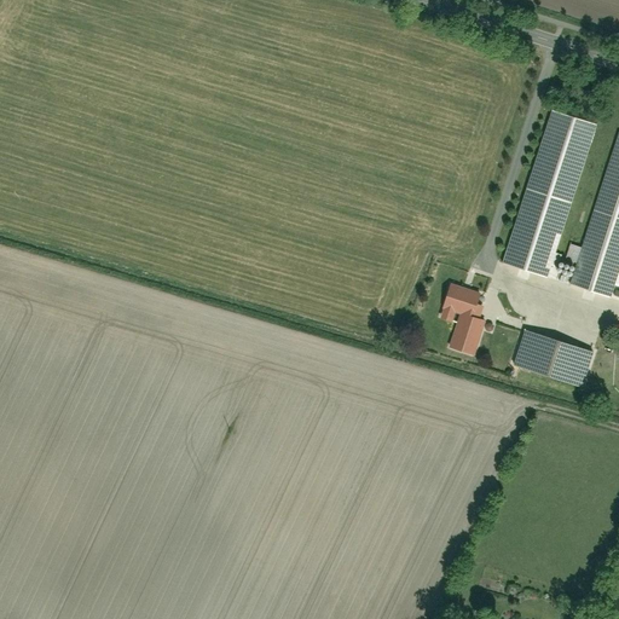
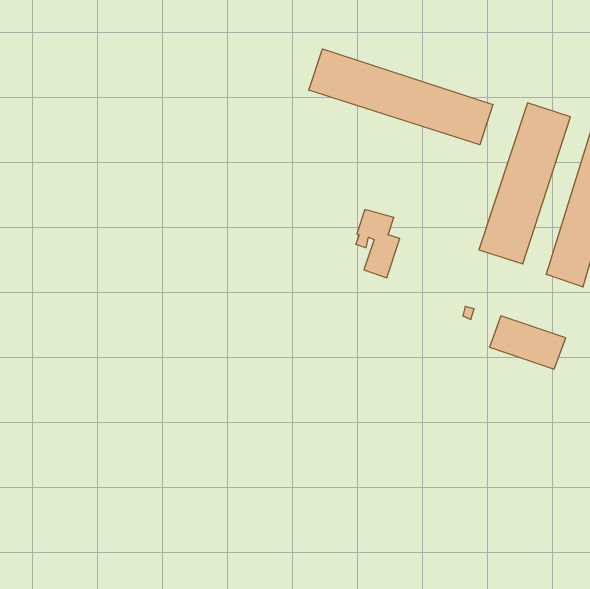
building: none -> [309,49,493,145]
building: [440,283,486,354] -> [356,210,400,278]

